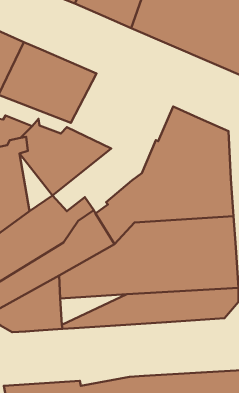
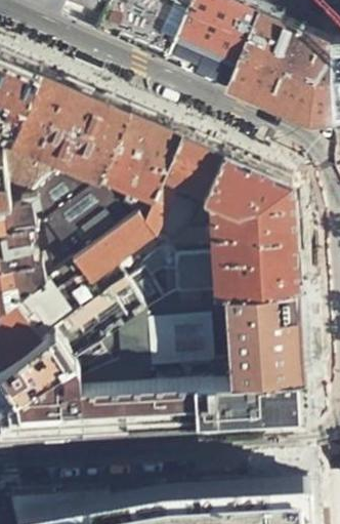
building: none -> [73,117,222,288]
building: none -> [82,392,165,430]

